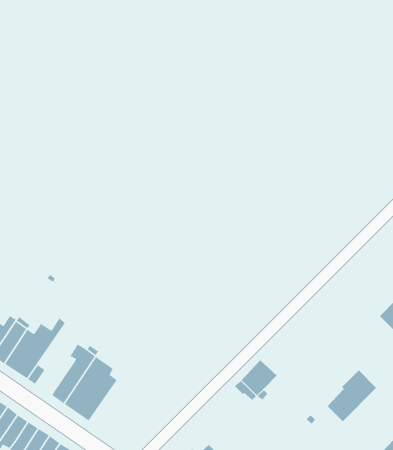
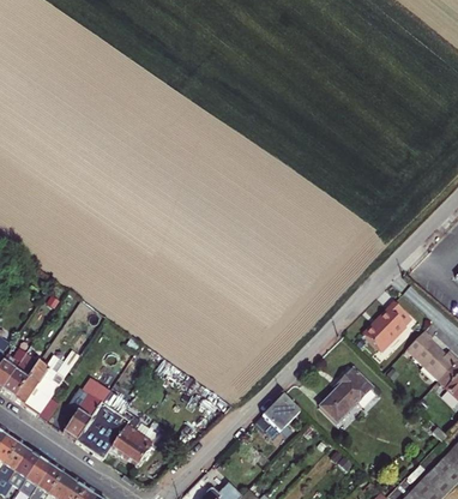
building: none -> [363,301,412,350]
building: [327,370,377,422] -> [320,368,373,423]
building: none -> [112,415,157,464]

